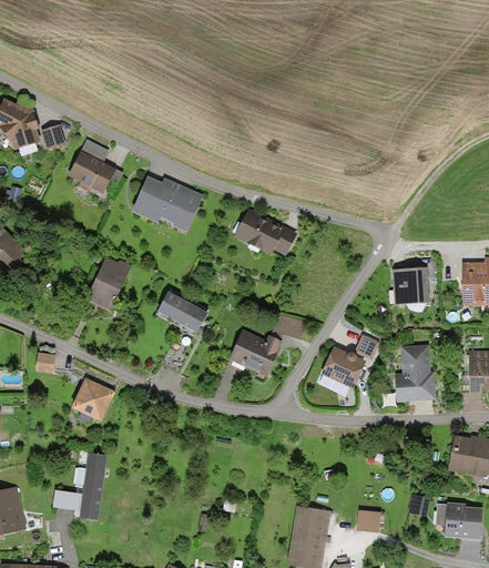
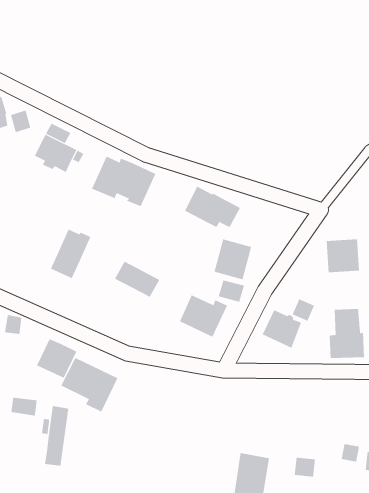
building: none -> [214,239,252,280]
building: none -> [60,357,118,413]
building: [53,490,83,511] -> [10,397,37,416]

